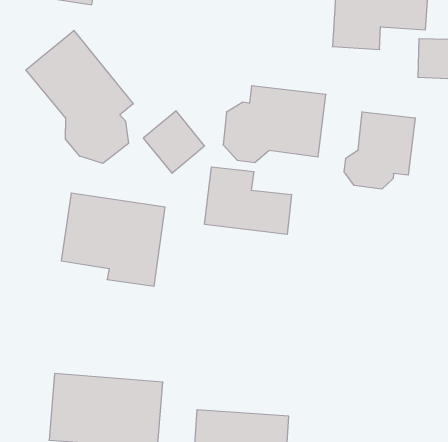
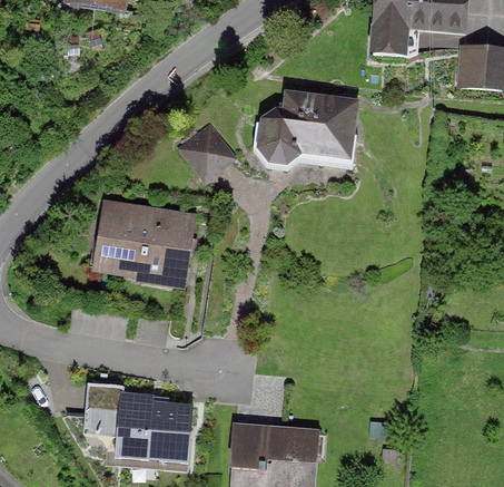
building: [26,30,133,163] -> none
building: [344,112,415,189] -> none
building: [205,167,292,234] -> none

